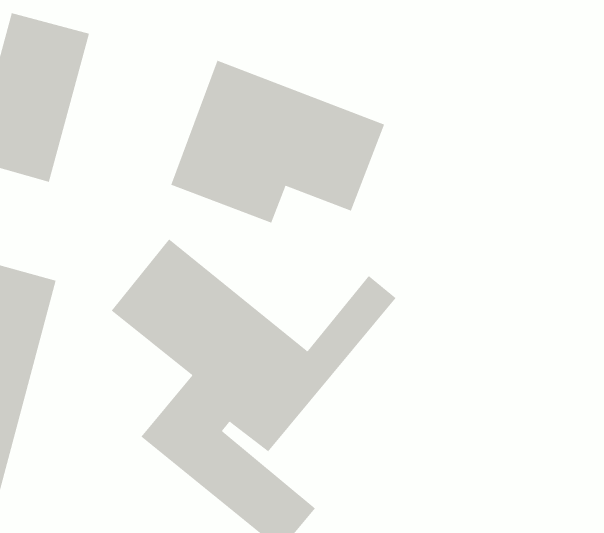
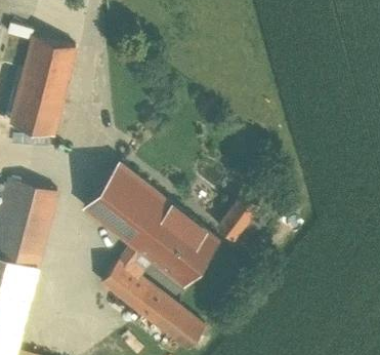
building: [171,60,385,223] -> none

